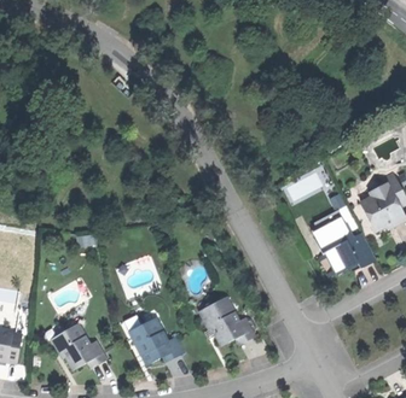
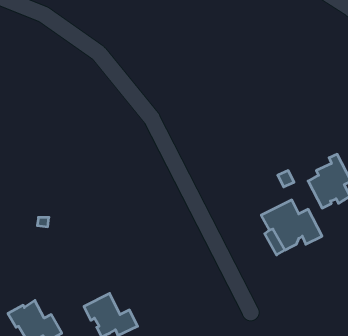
building: [198,295,254,343] -> none

